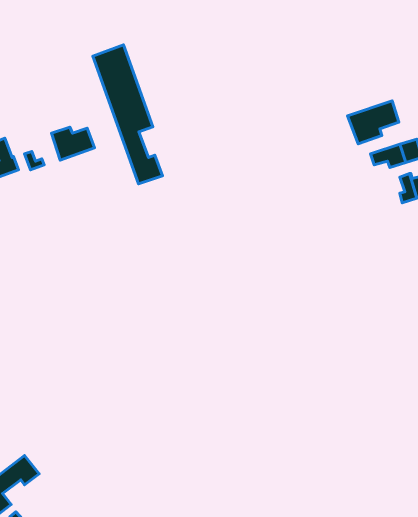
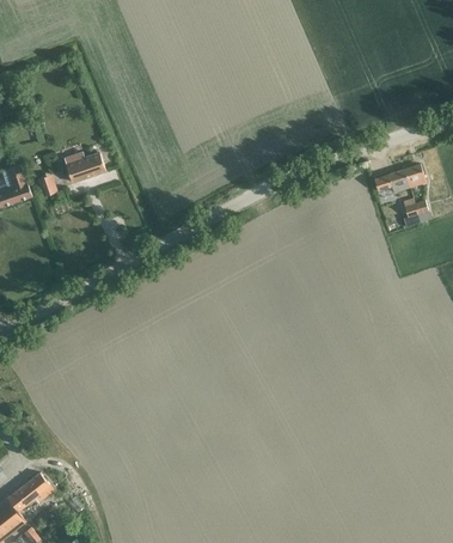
building: [93,45,162,184] -> none
building: [347,101,399,144] -> none

